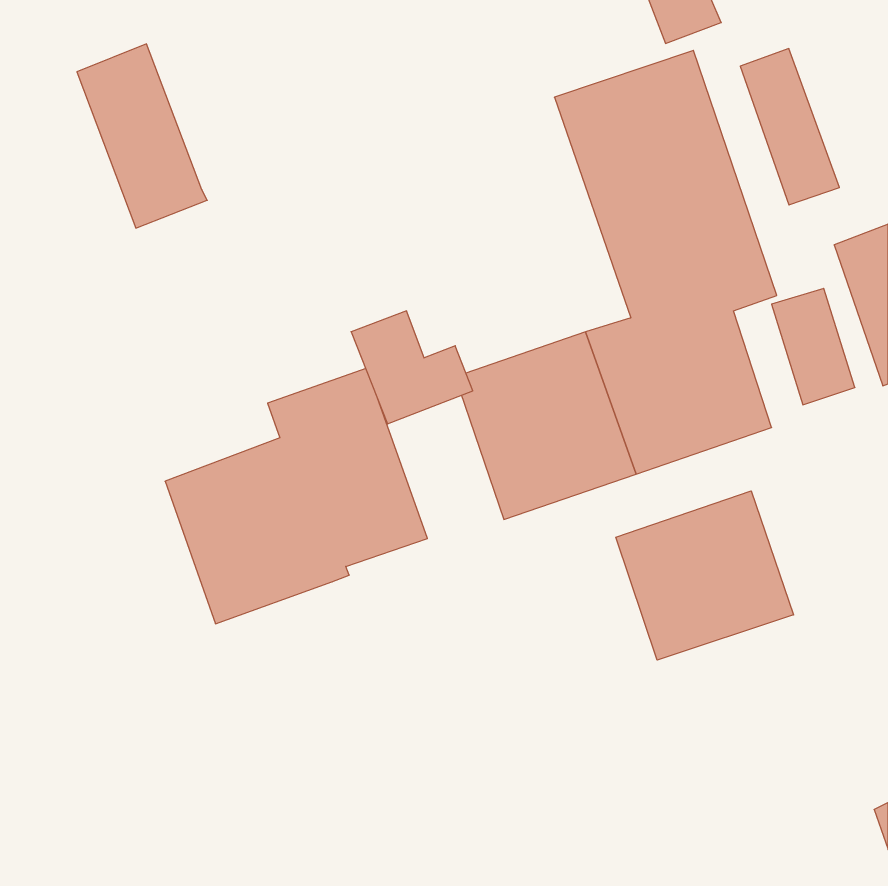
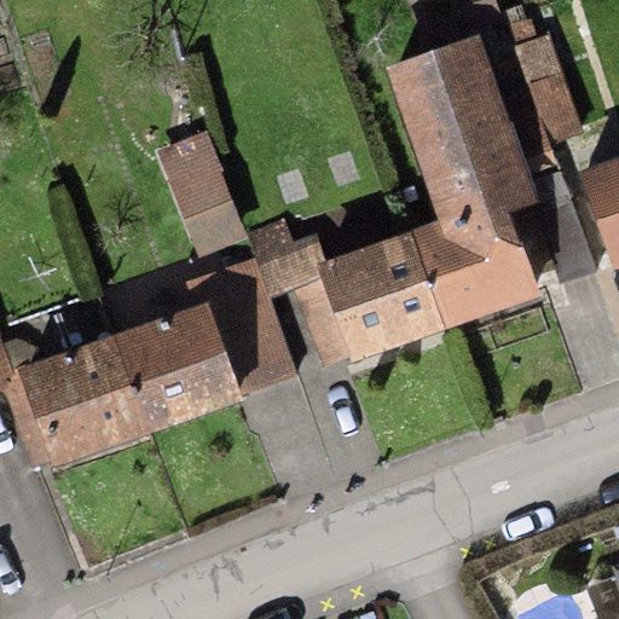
building: [77,44,207,228] -> [157,129,248,258]
building: none -> [18,335,150,468]
building: [616,491,794,660] -> none

